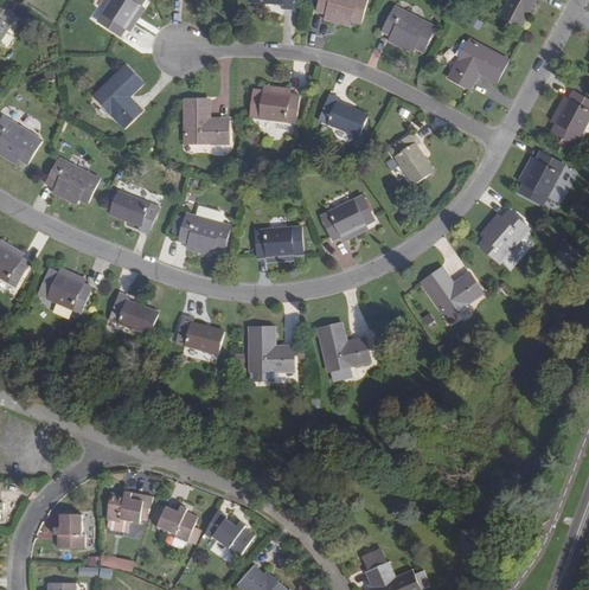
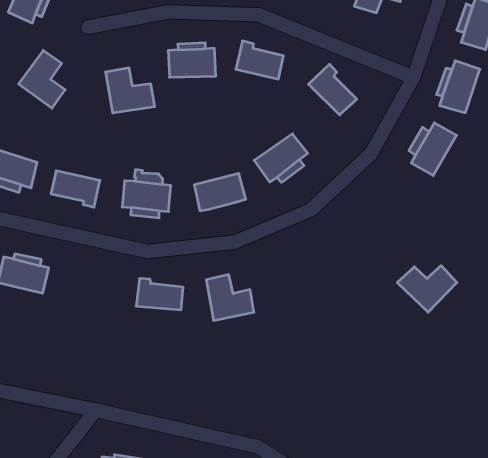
building: [421,269,481,318] -> [397,266,457,312]
building: [108,293,158,335] -> none
building: [318,323,370,371] -> none

